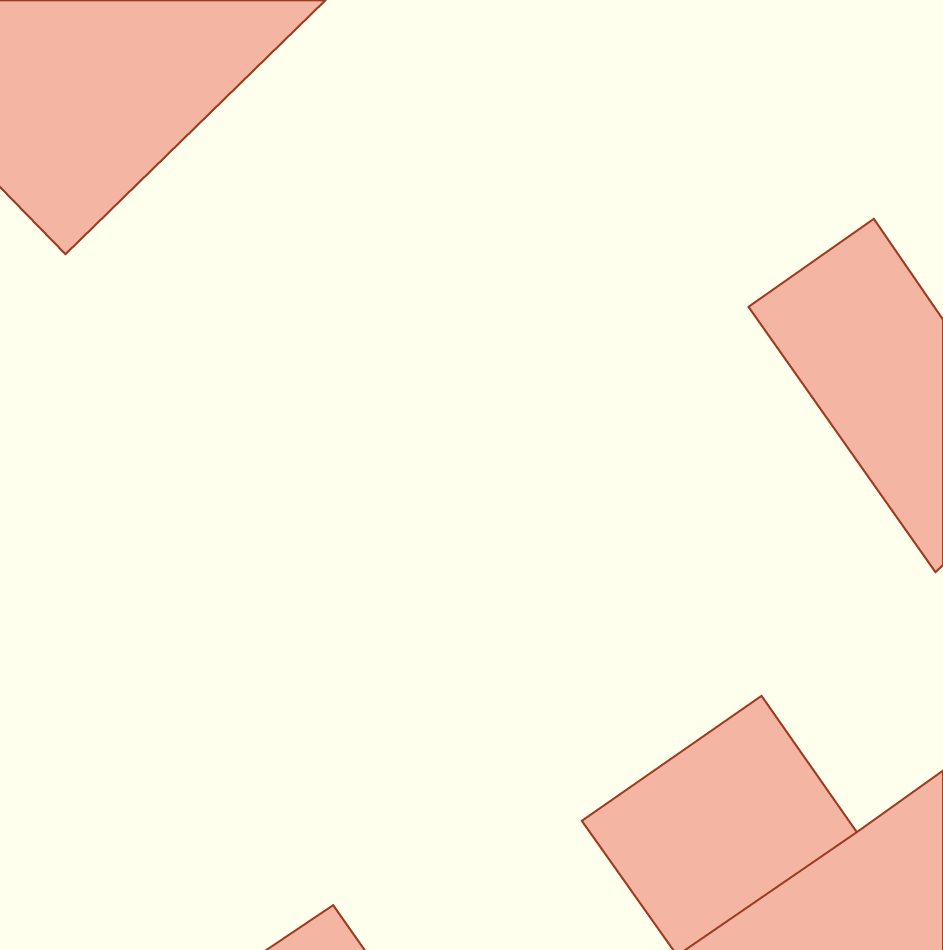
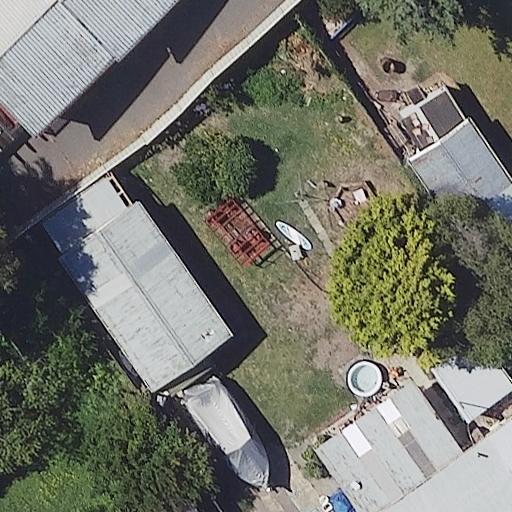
building: none -> [58,199,232,389]

